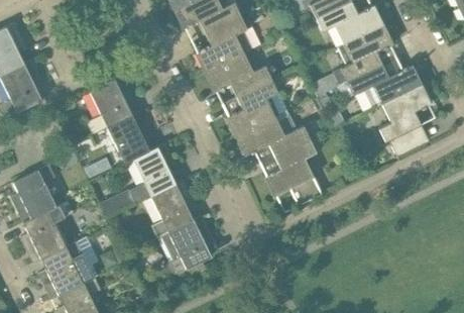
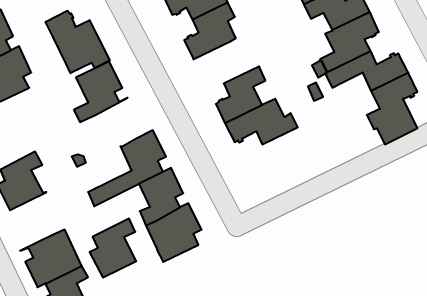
building: none -> [46,11,110,73]
building: [206,54,271,96] -> none
building: [108,112,152,163] -> none
building: [266,139,322,205] -> none
building: [20,204,67,263] -> [90,219,136,277]

